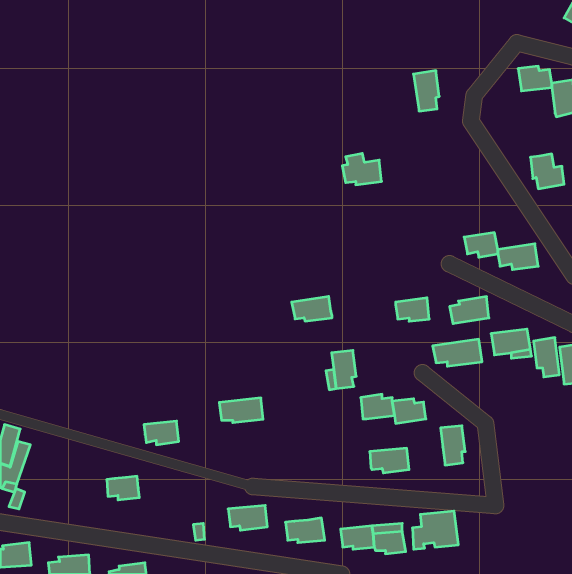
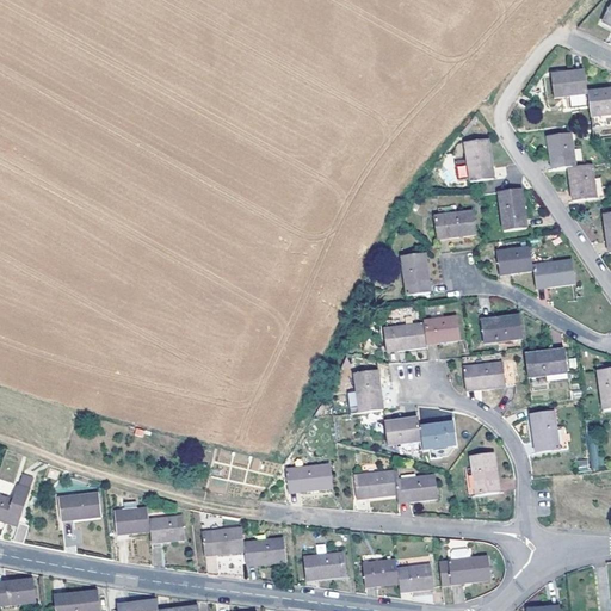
building: [413,71,439,111] -> [464,138,492,181]
building: none -> [548,132,575,168]
building: [342,153,382,185] -> [433,204,475,237]
building: none -> [498,189,524,229]
building: none -> [401,254,427,295]
building: [292,296,332,321] -> [383,323,426,350]
building: [534,338,559,377] -> [530,409,557,451]
building: [219,398,263,423] -> [285,465,332,492]
building: [144,421,179,445] -> [149,514,186,539]
building: none -> [354,471,396,499]
building: none -> [60,492,101,518]
building: none -> [204,526,246,553]

